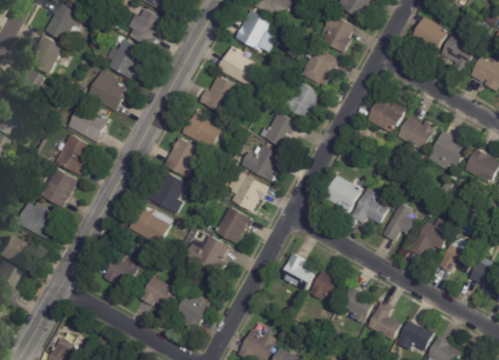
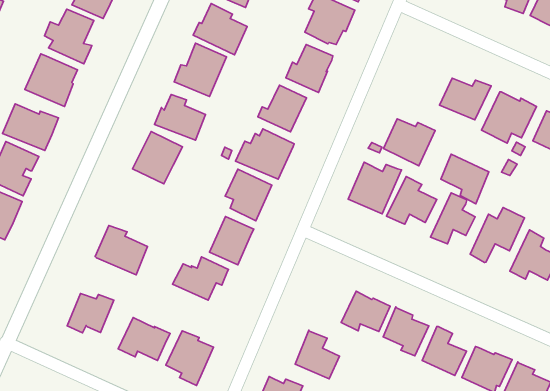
building: [367,96,407,133] -> [383,119,435,166]
building: [145,170,185,209] -> none
building: none -> [441,154,489,204]
building: [280,251,314,289] -> [295,330,340,379]

